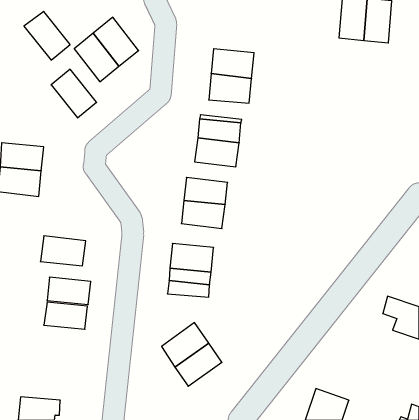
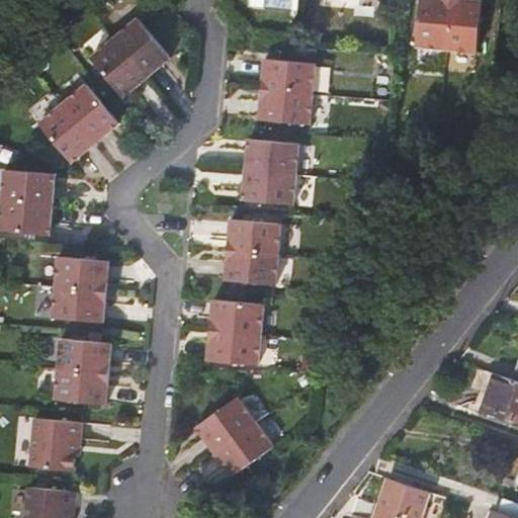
building: [24,11,70,60] -> [38,104,95,164]
building: none -> [54,260,108,295]
building: none -> [26,419,79,471]

